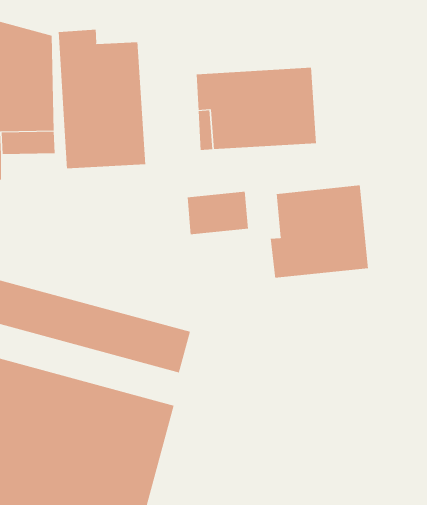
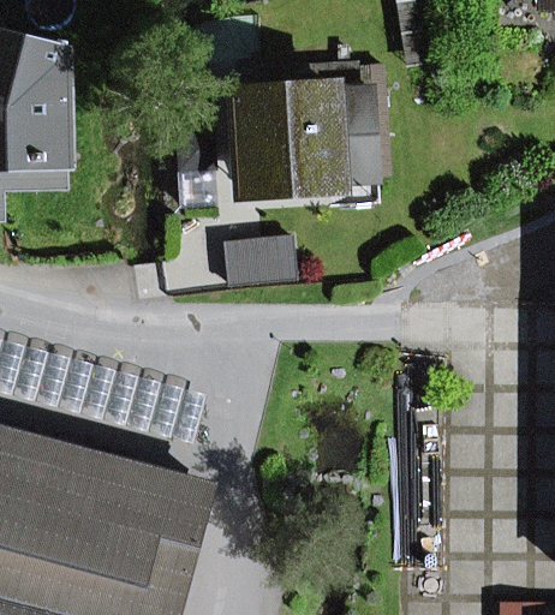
building: [58,29,146,169] -> none
building: [270,184,369,279] -> none

